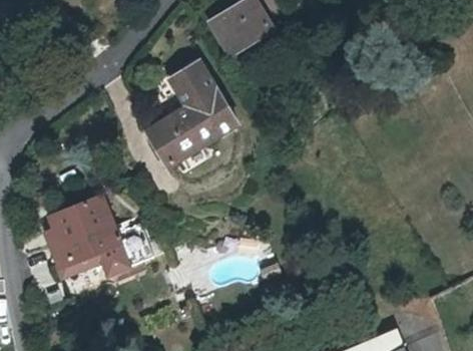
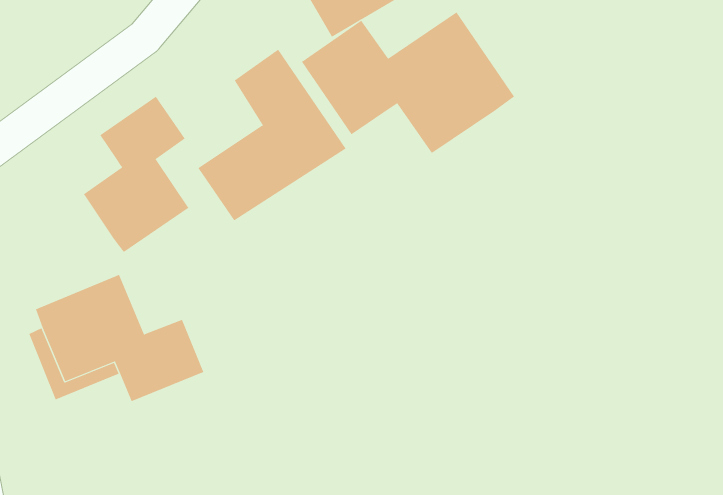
building: none -> [301,11,515,154]
building: none -> [83,96,189,253]

